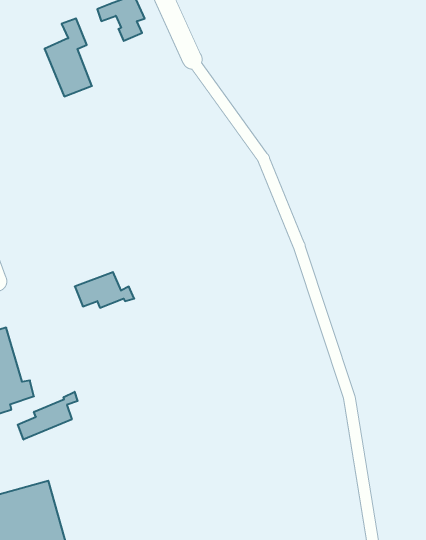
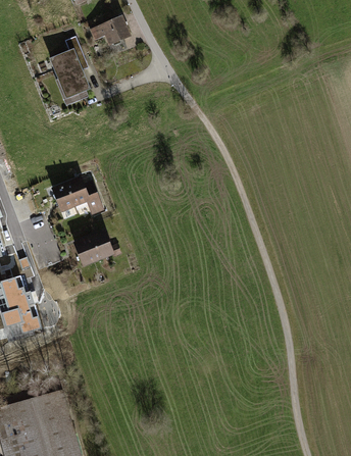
building: none -> [53,178,102,212]
building: [18,392,78,440] -> none

